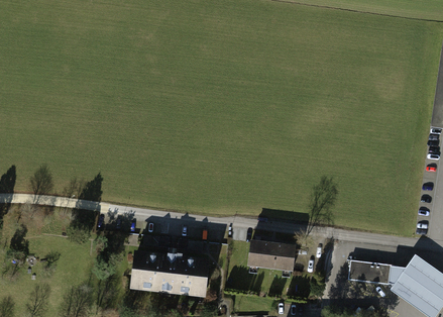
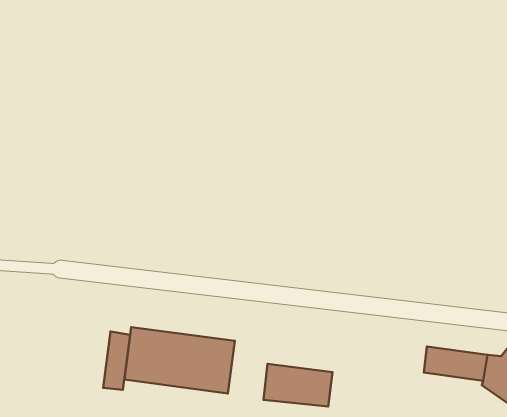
building: [247,239,298,271] -> [263,364,332,407]
building: none -> [103,331,130,390]

